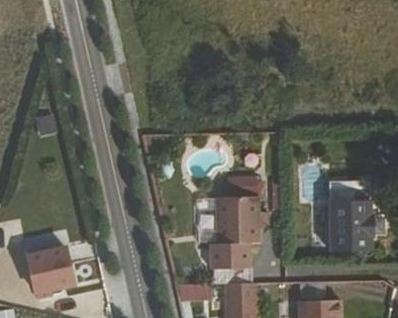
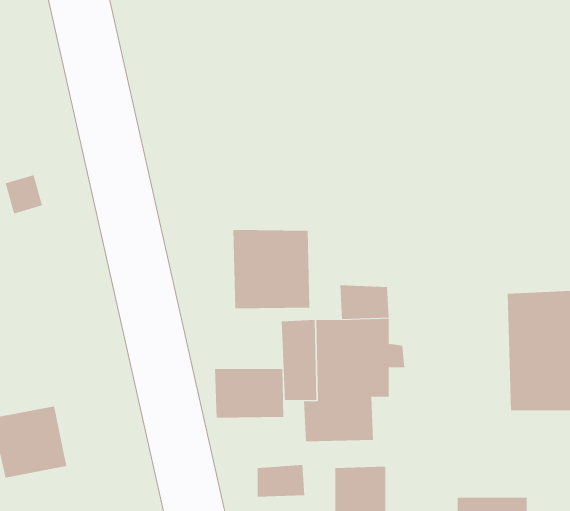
building: none -> [233,229,310,309]
building: none -> [215,368,284,419]

